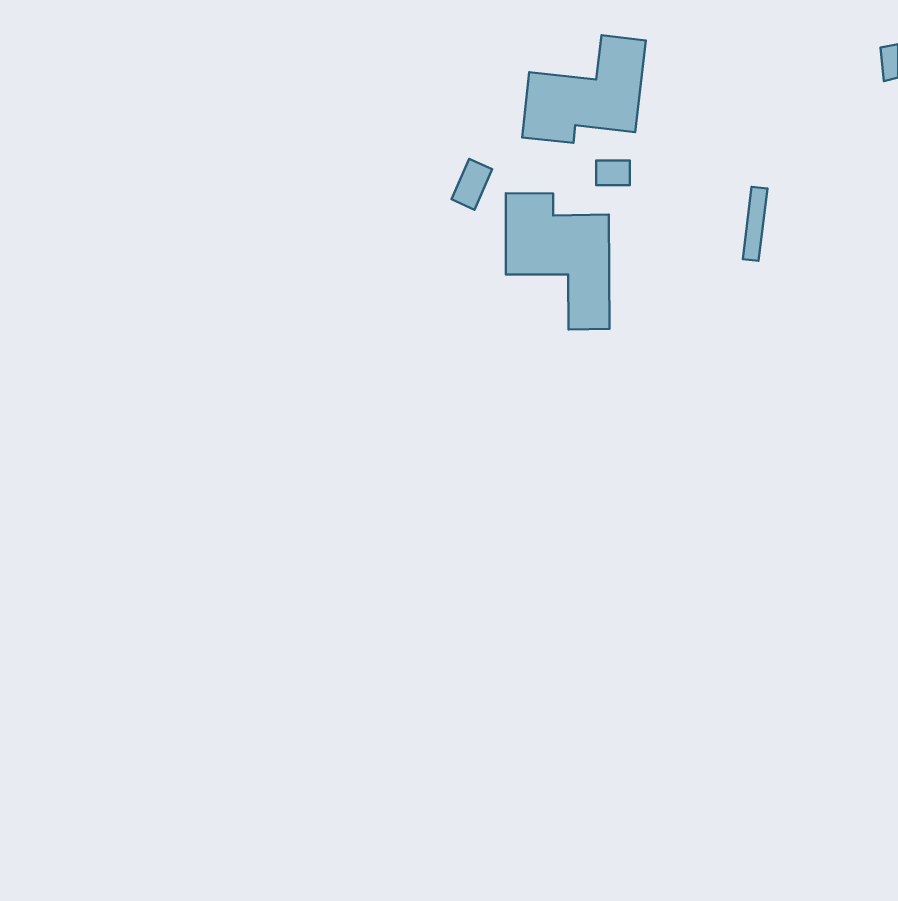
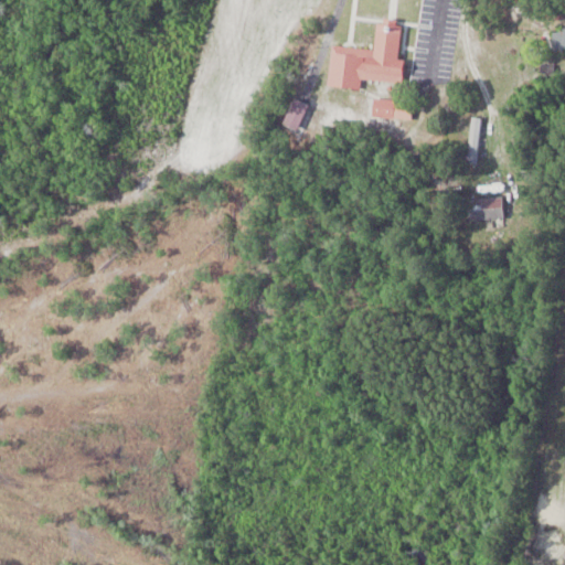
building: [506,193,609,330] -> none
building: none -> [467,198,503,220]

